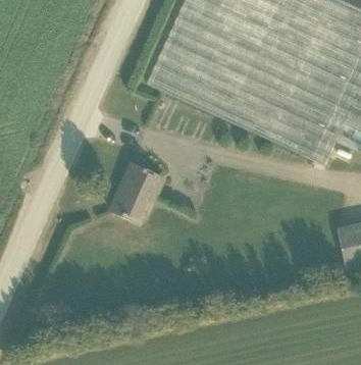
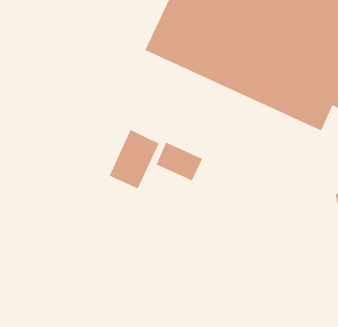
building: none -> [156,142,203,181]

